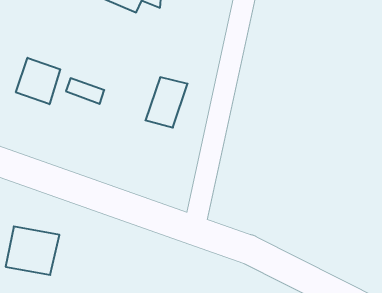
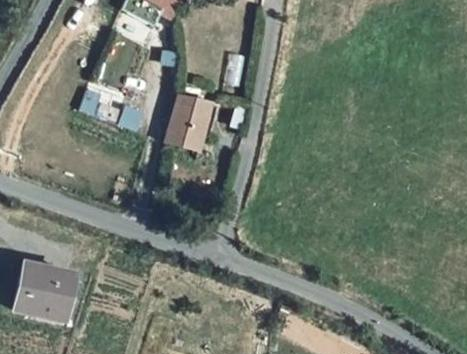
building: [16,58,60,104] -> none

